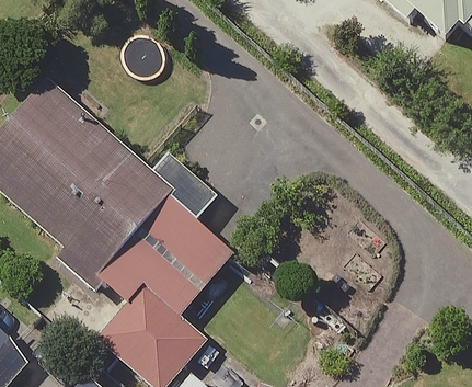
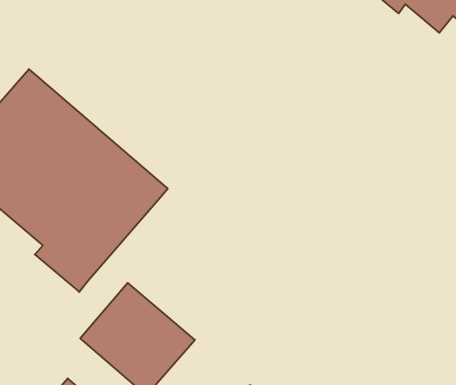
building: [107,202,238,317] -> none

